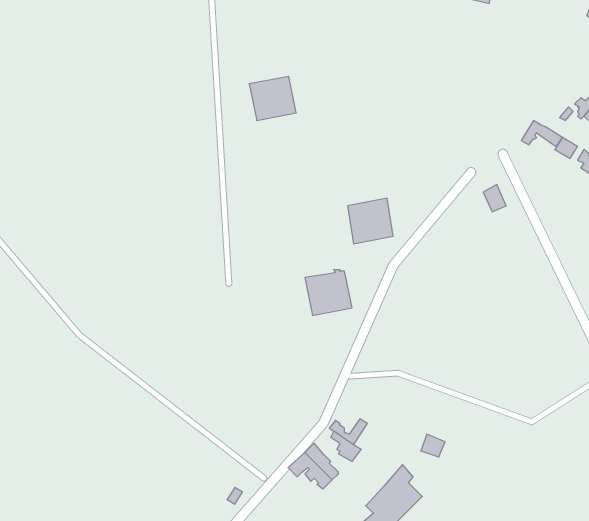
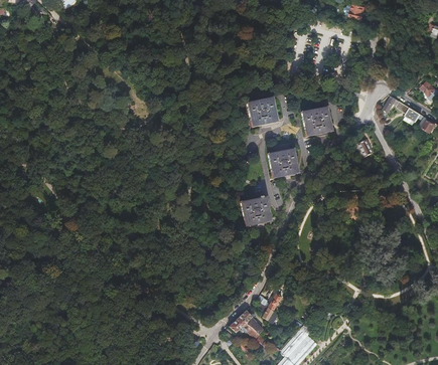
building: [249,76,296,120] -> [247,97,278,126]
building: none -> [301,106,332,136]

